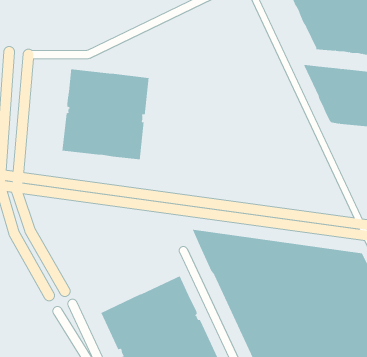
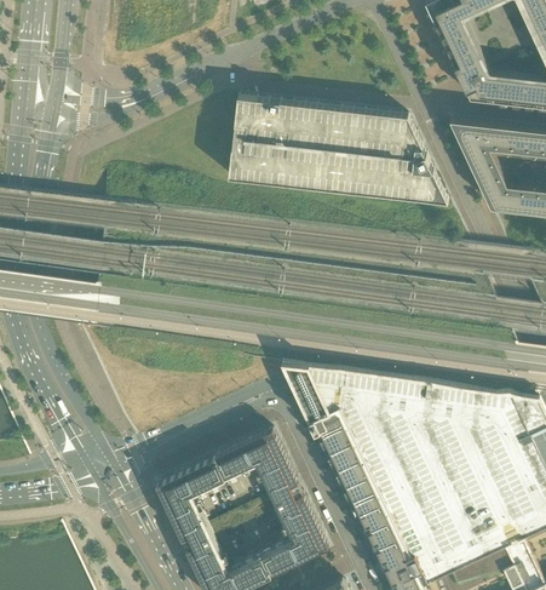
building: none -> [229,98,448,204]
building: [62,69,149,160] -> none

